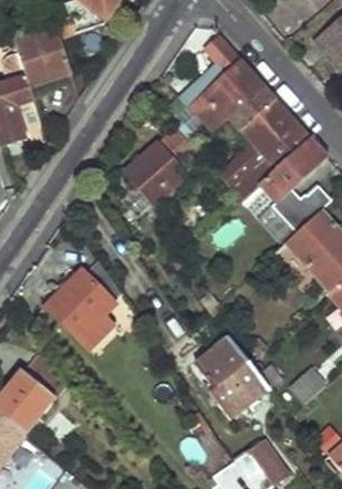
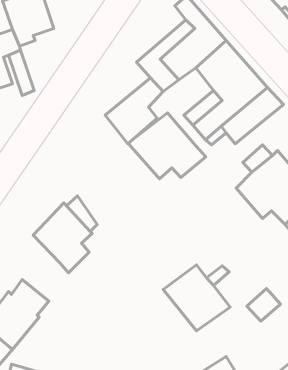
building: none -> [128,113,206,179]

